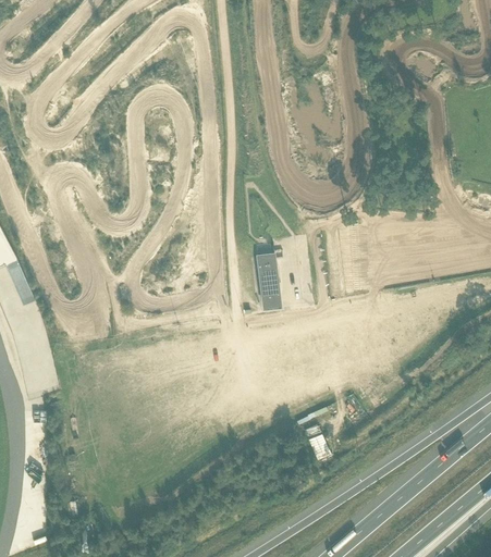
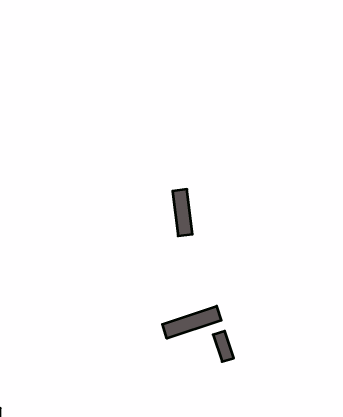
building: none -> [162,306,221,338]

